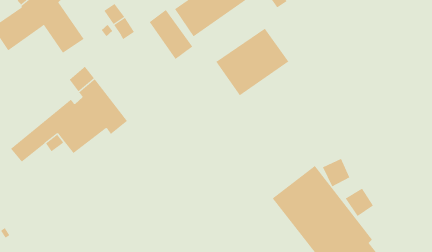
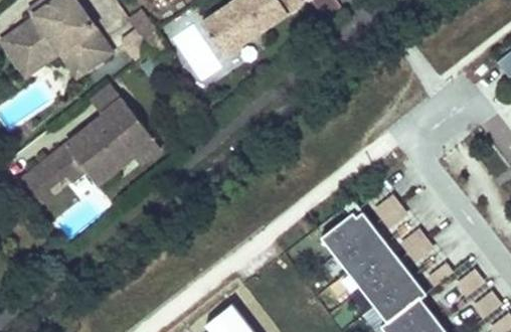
building: none -> [15,39,78,77]
building: [215,28,289,96] -> none

